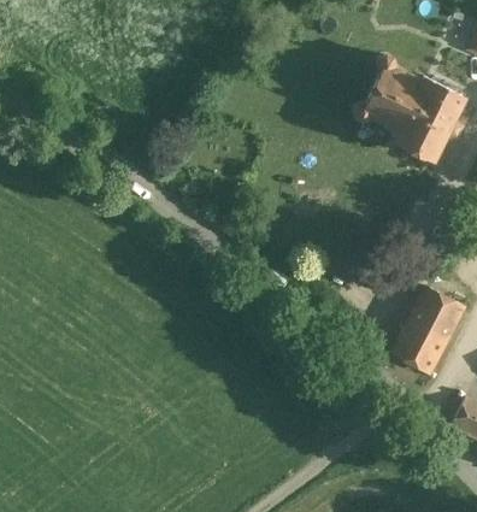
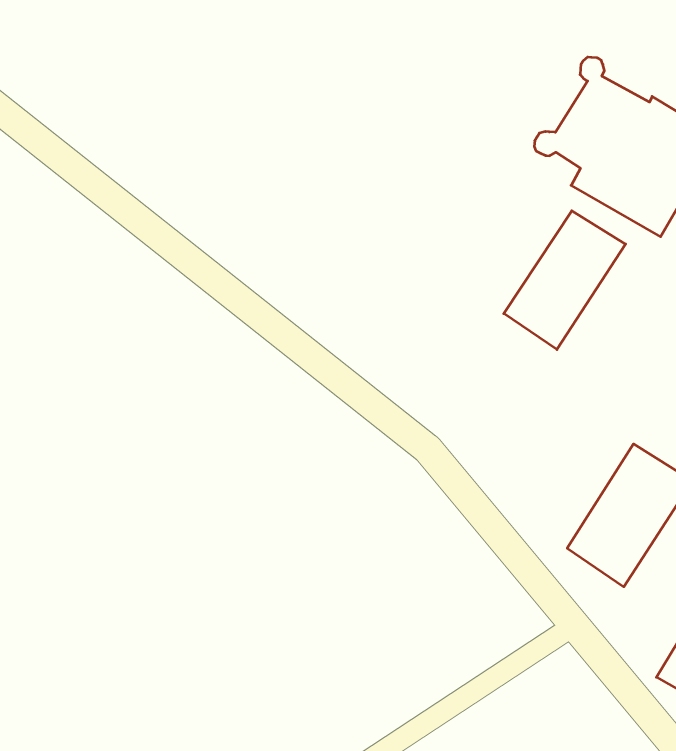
building: none -> [504,211,626,350]

